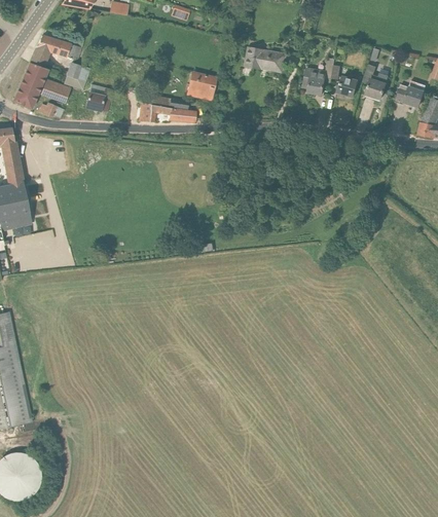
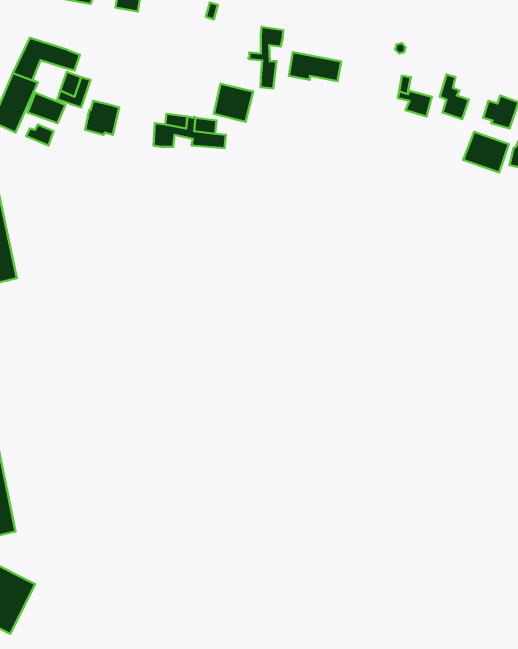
building: none -> [248,27,283,89]
building: [302,67,325,95] -> none
building: none -> [463,132,509,173]

